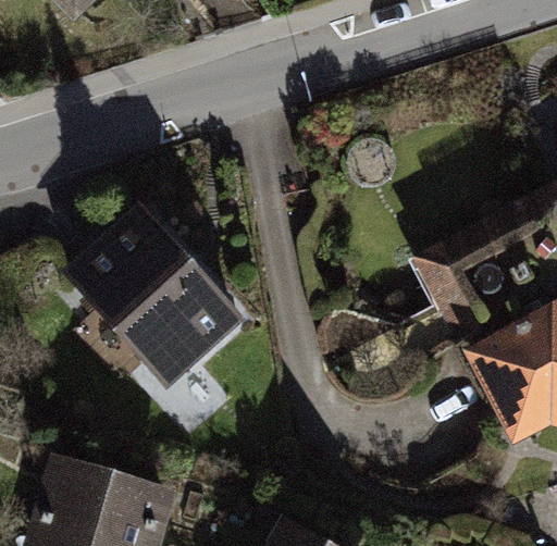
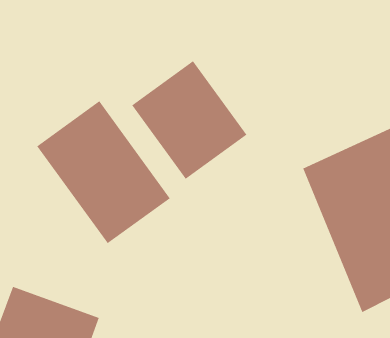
building: none -> [131,60,247,180]

